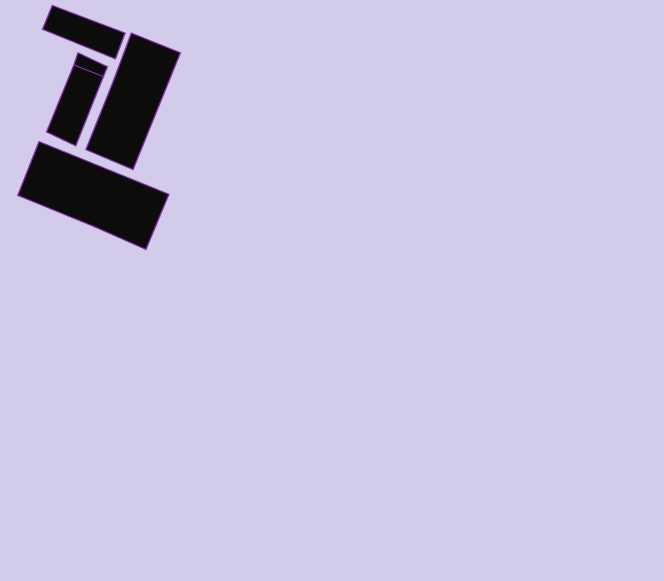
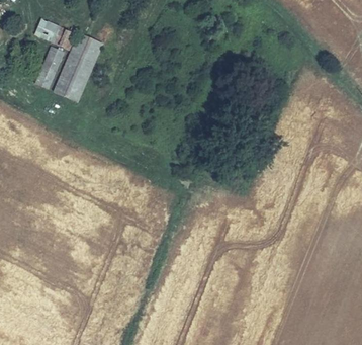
building: [18,142,169,250] -> none

